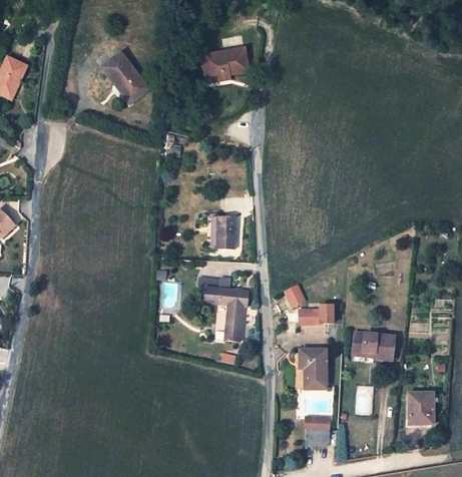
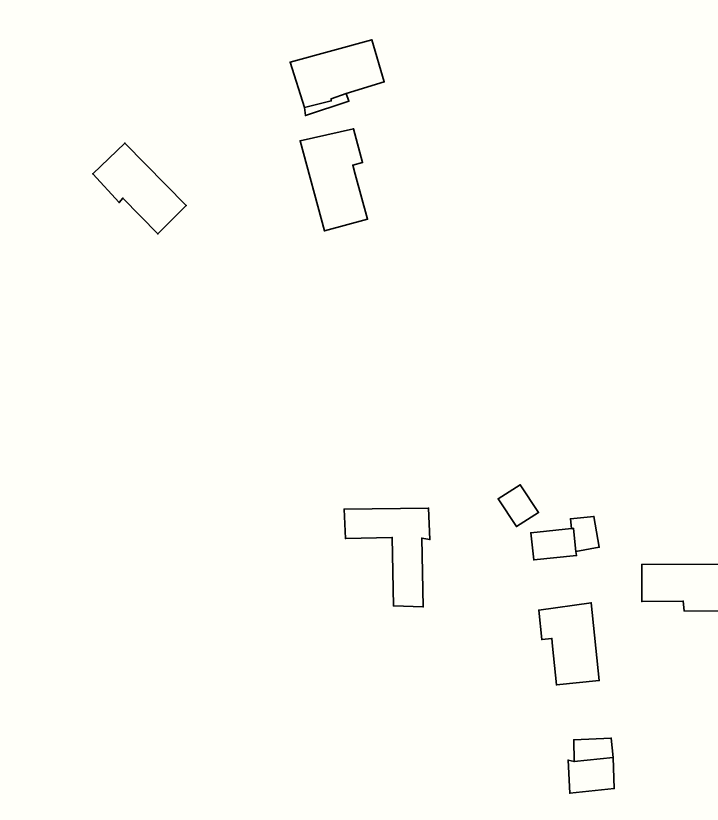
building: [101,52,147,100] -> [93,143,186,234]
building: none -> [300,129,367,231]
building: [216,216,233,247] -> none

